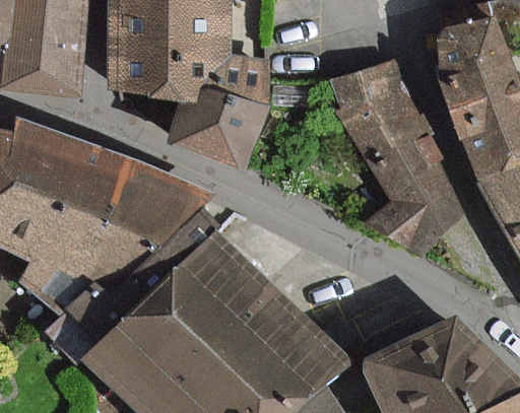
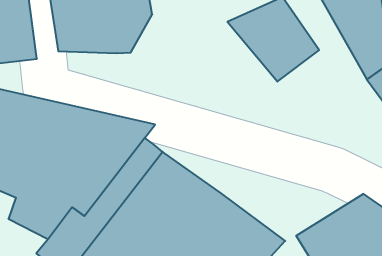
building: [168,59,269,170] -> none
building: [367,134,461,258] -> none

